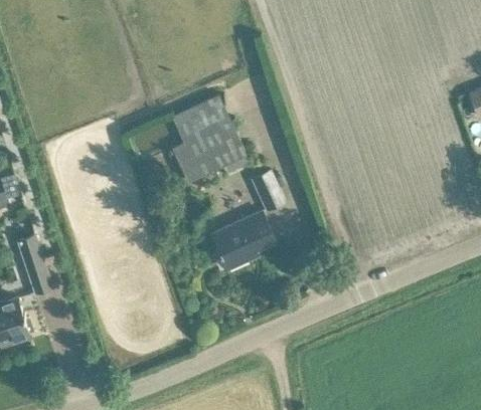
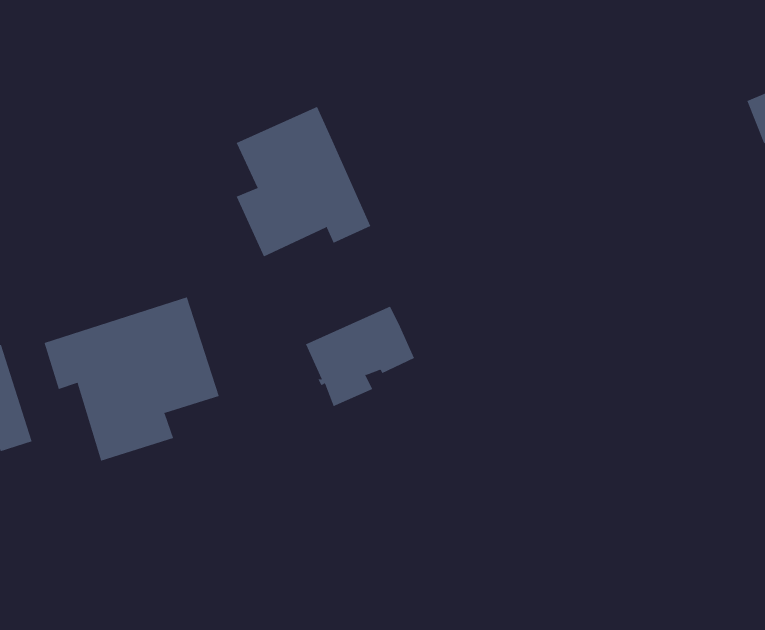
building: [250,170,284,211] -> none
building: none -> [44,297,220,461]

